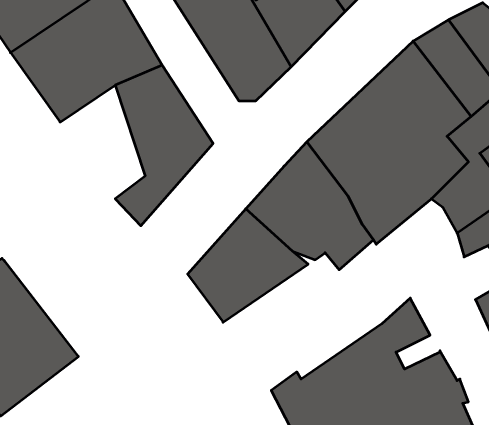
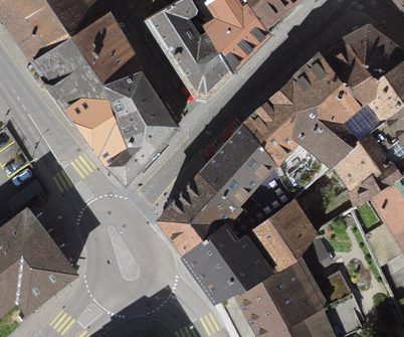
building: none -> [68,83,129,164]
building: none -> [184,193,318,300]

